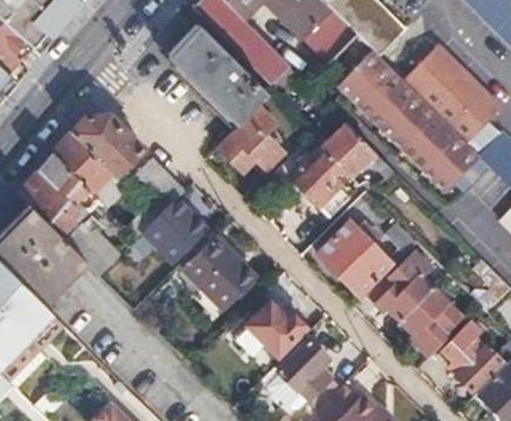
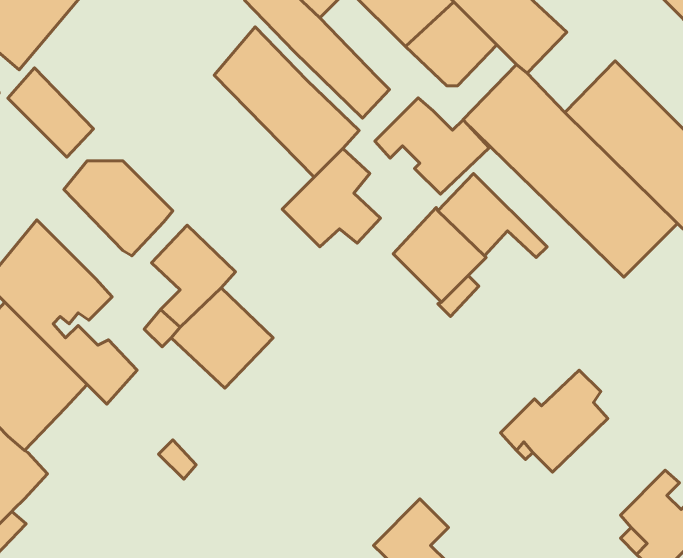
building: none -> [375,98,489,194]
building: [53,132,110,192] -> [8,68,94,157]
building: [316,221,415,297] -> none
building: [183,241,257,310] -> none
building: [396,285,462,358] -> none
building: [246,301,303,354] -> none

